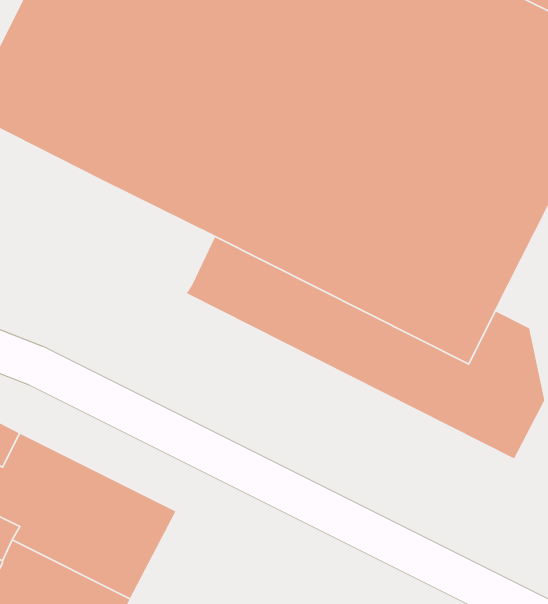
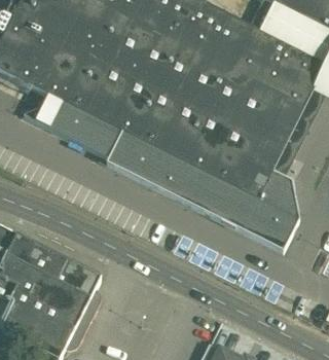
building: none -> [48,100,121,155]

